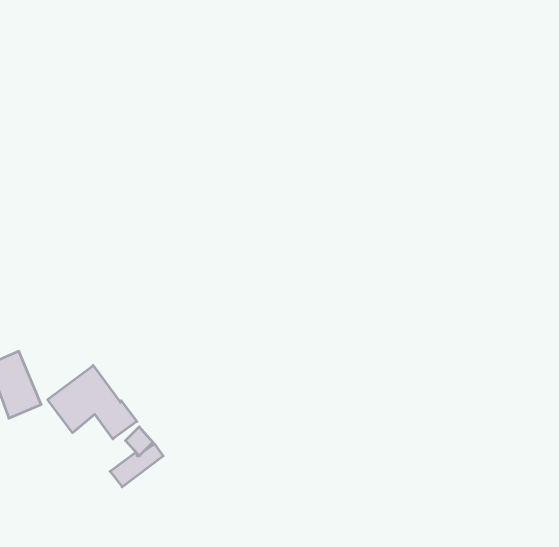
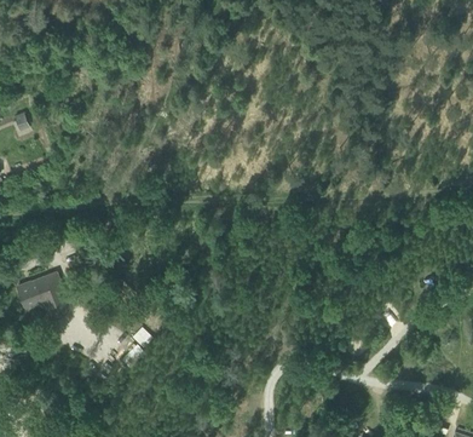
building: [48,365,137,439] -> none

